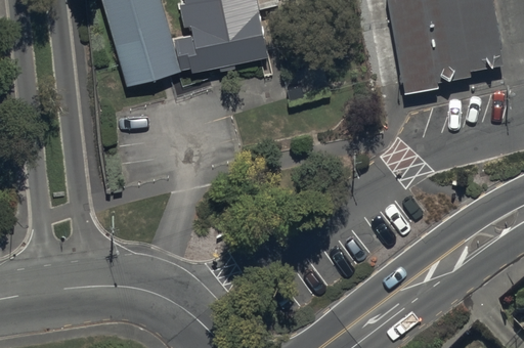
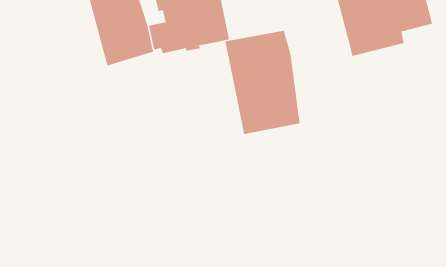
building: none -> [225,30,300,135]

